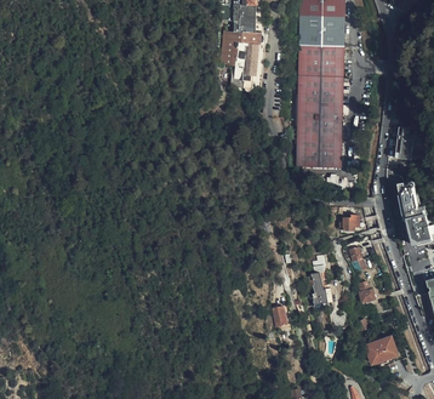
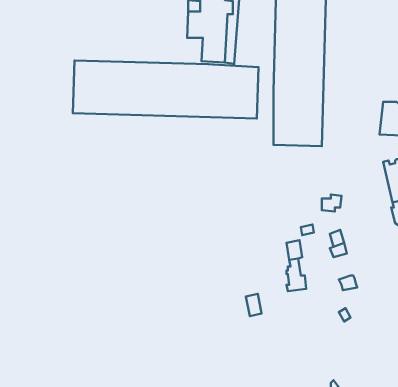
building: none -> [73,60,258,119]
building: [362,337,395,365] -> none

